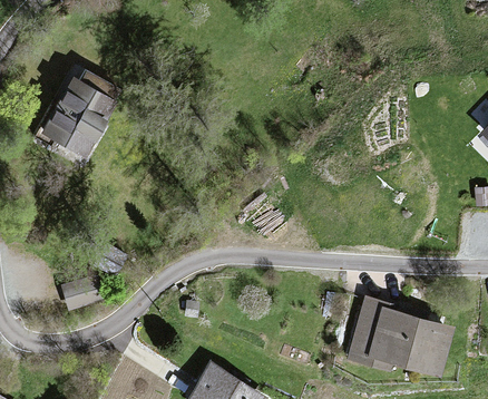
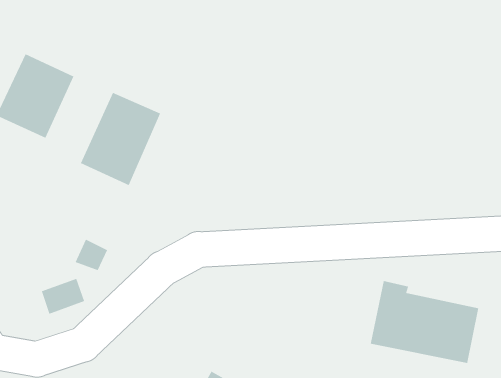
building: none -> [80,92,161,186]

